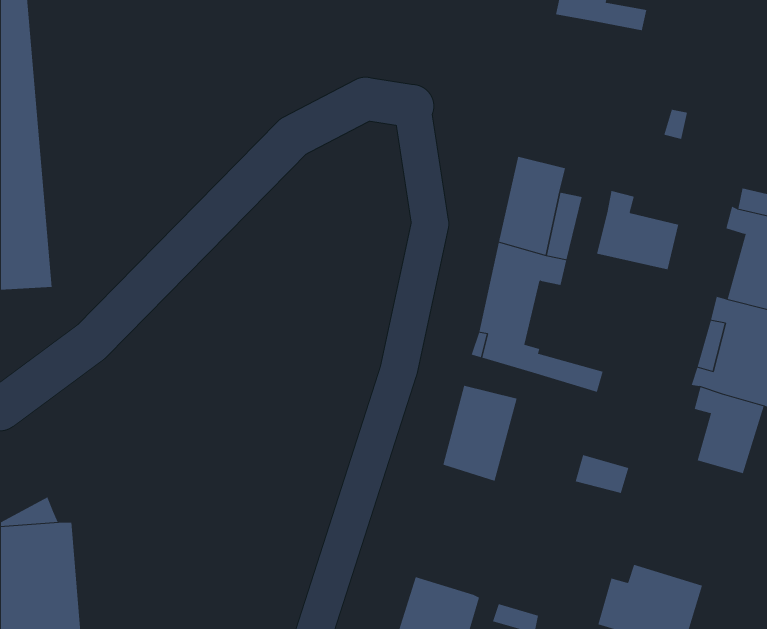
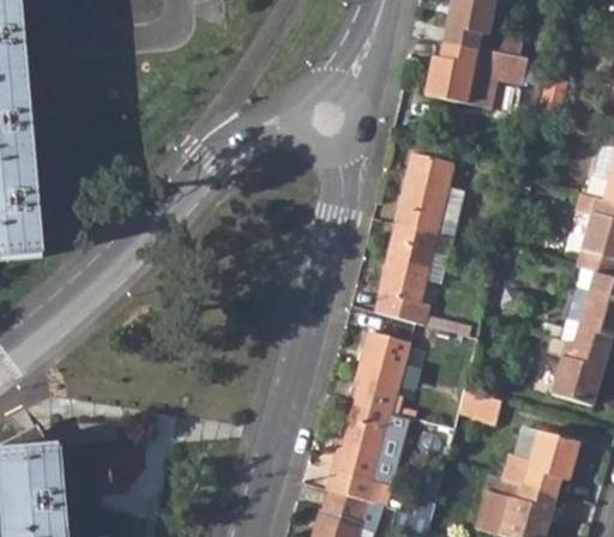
building: none -> [423,41,524,107]
building: [597,190,679,270] -> none
building: none -> [331,399,395,502]
building: none -> [505,433,580,495]

